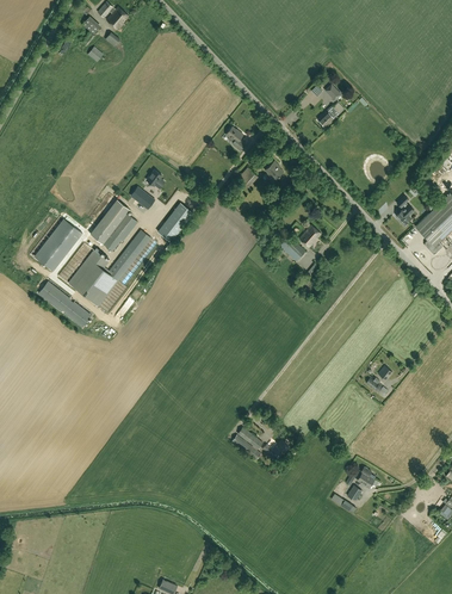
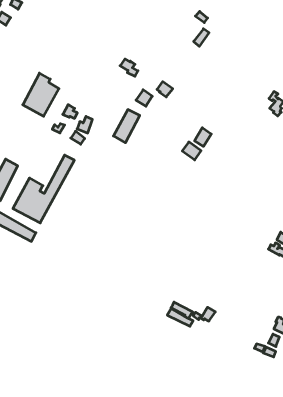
building: [91,199,137,252] -> [23,73,59,116]
building: [157,203,193,242] -> [113,110,140,143]

